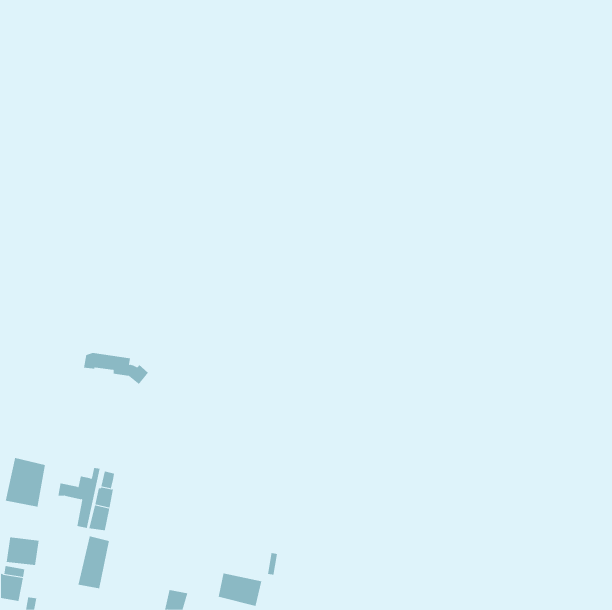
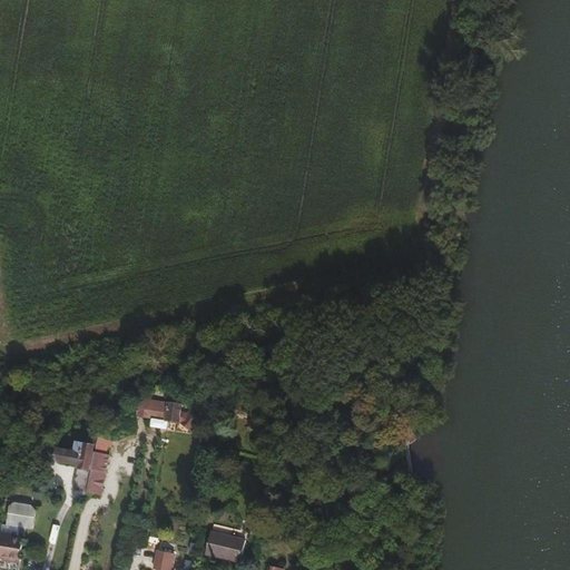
building: [83,352,149,385] -> [136,400,197,430]
building: [5,457,45,508] -> none
building: [78,535,109,589] -> none

